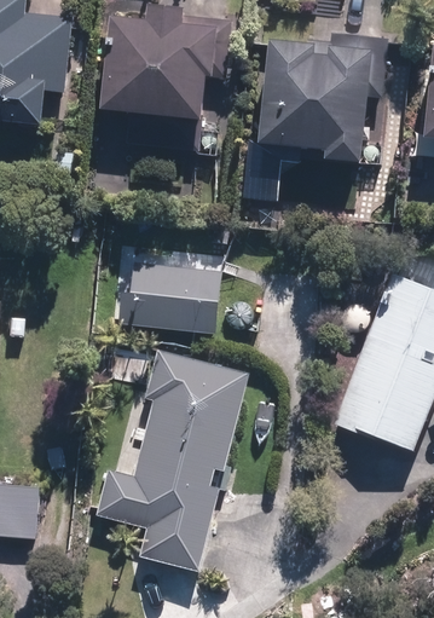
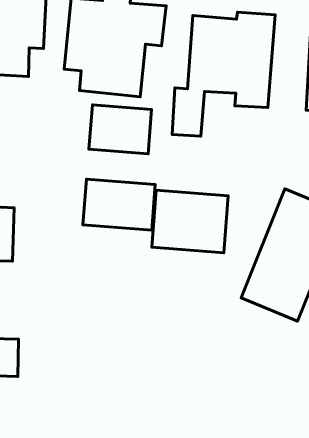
building: none -> [89,105,152,154]
building: none -> [152,190,228,253]
building: [93,347,247,570] -> none

